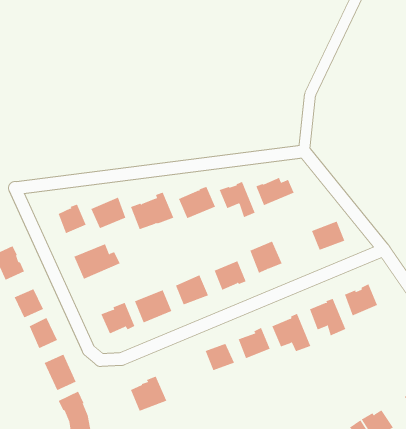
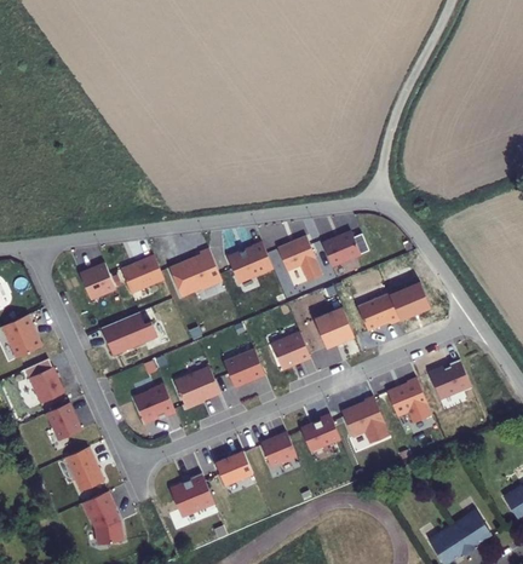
building: none -> [358,293,401,330]
building: none -> [215,450,253,484]

